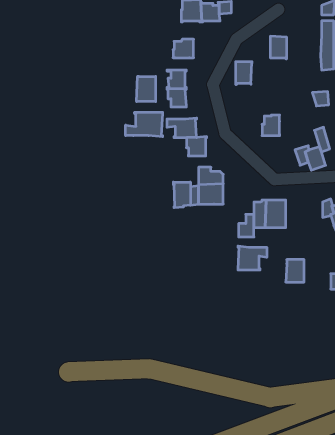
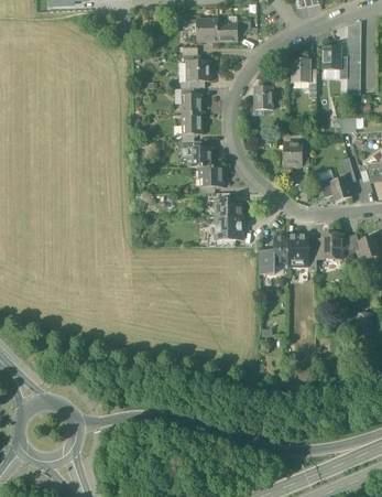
building: none -> [321,45,340,69]
building: [137,76,156,102] -> none
building: [126,112,163,137] -> none
building: [173,182,190,208] -> none
building: [238,246,267,270] -> none
building: [286,260,304,282] -> [321,234,341,258]

